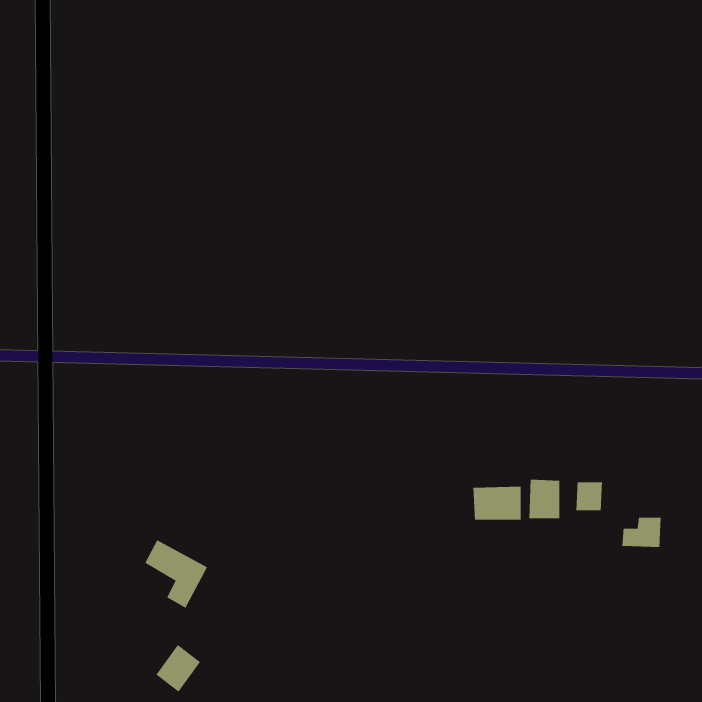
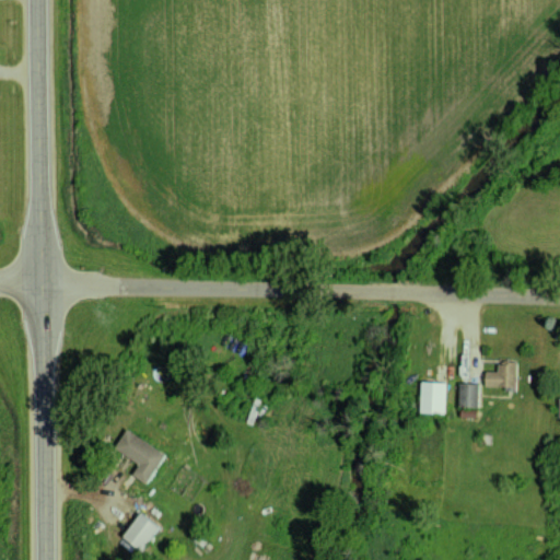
building: [473,486,521,520] -> none
building: [622,517,662,548] -> [485,363,516,387]

